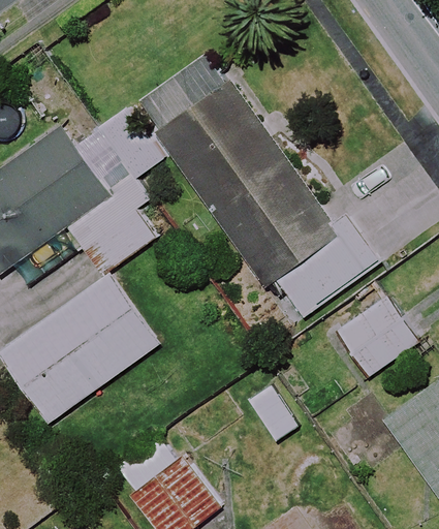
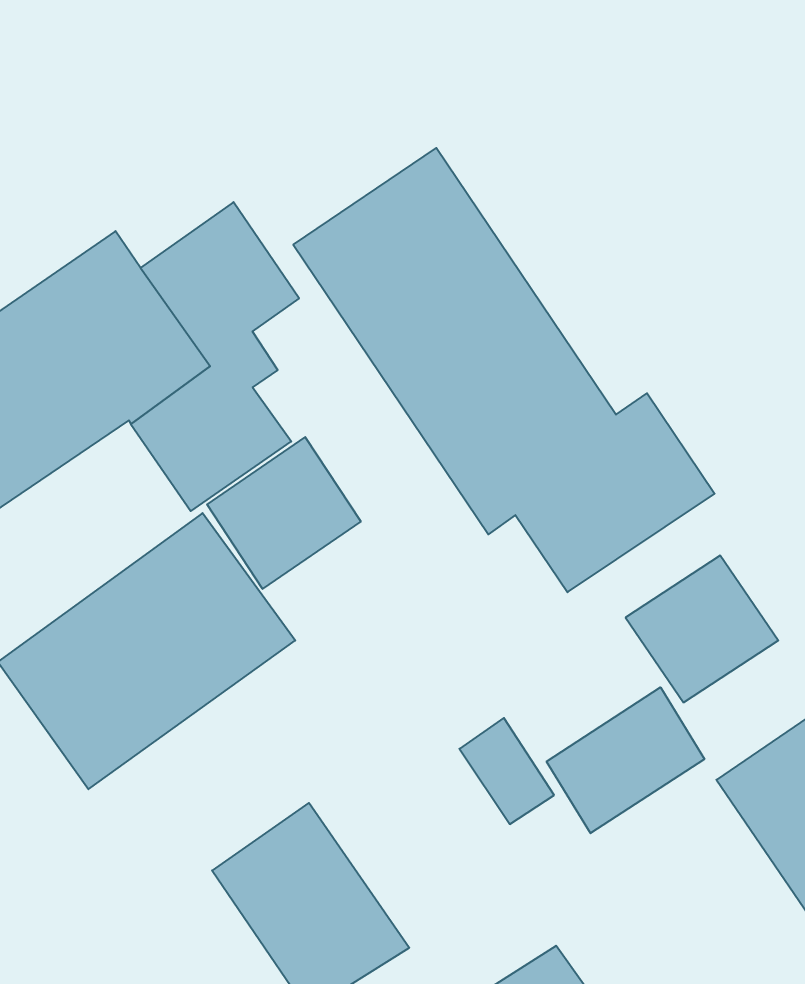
building: none -> [207,437,361,589]
building: none -> [547,687,704,833]

